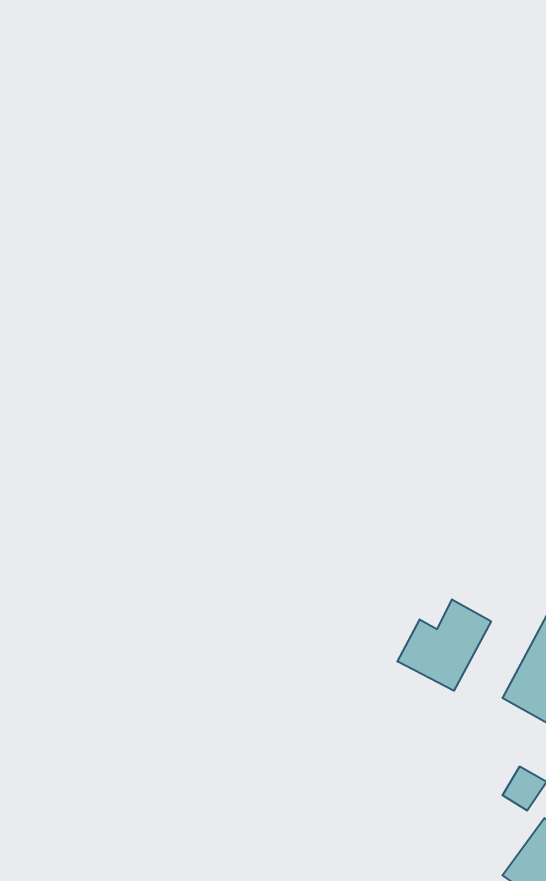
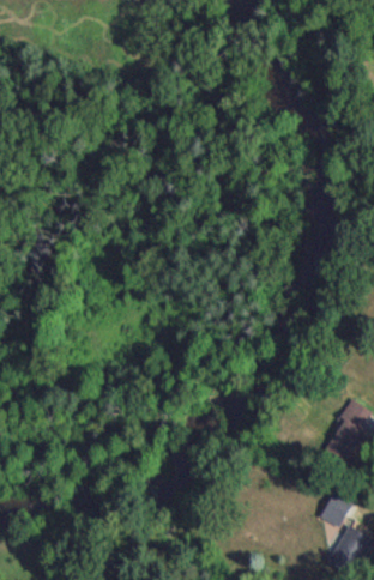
building: [397,599,491,691] -> none

